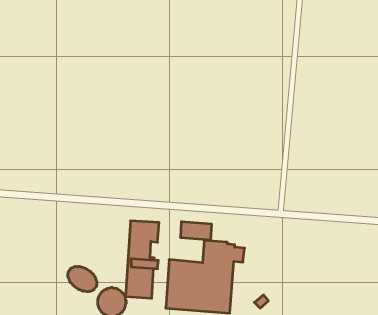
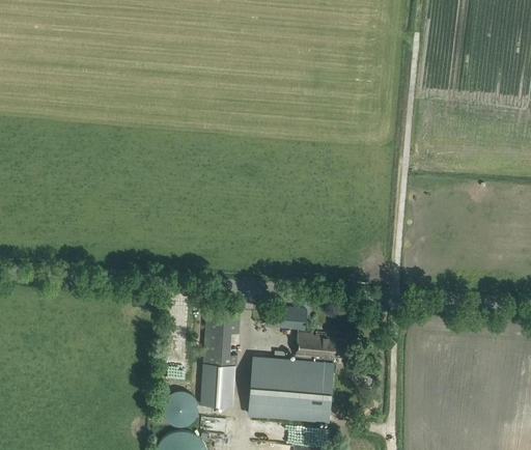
building: [68,266,97,292] -> none

